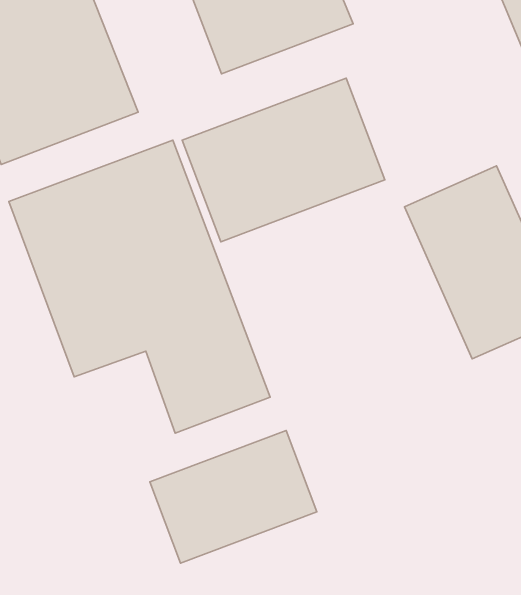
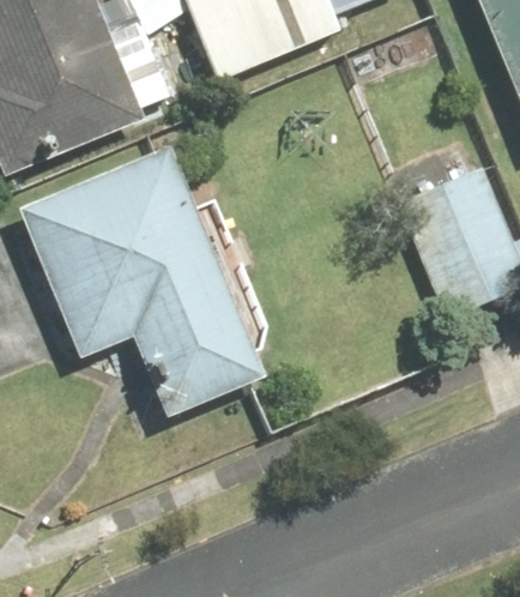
building: [182,78,385,242] -> none
building: [150,430,317,563] -> none

